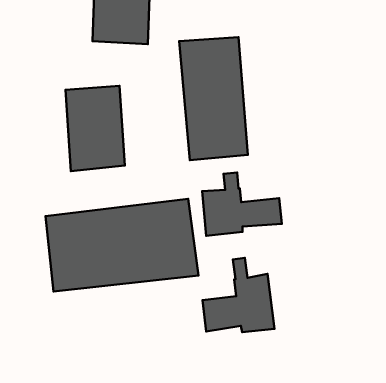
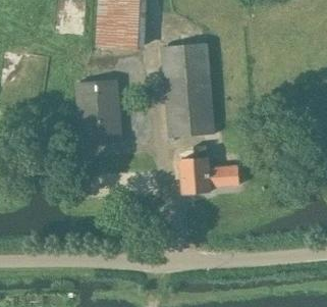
building: [45,199,198,292] -> none
building: [203,258,275,332] -> none

